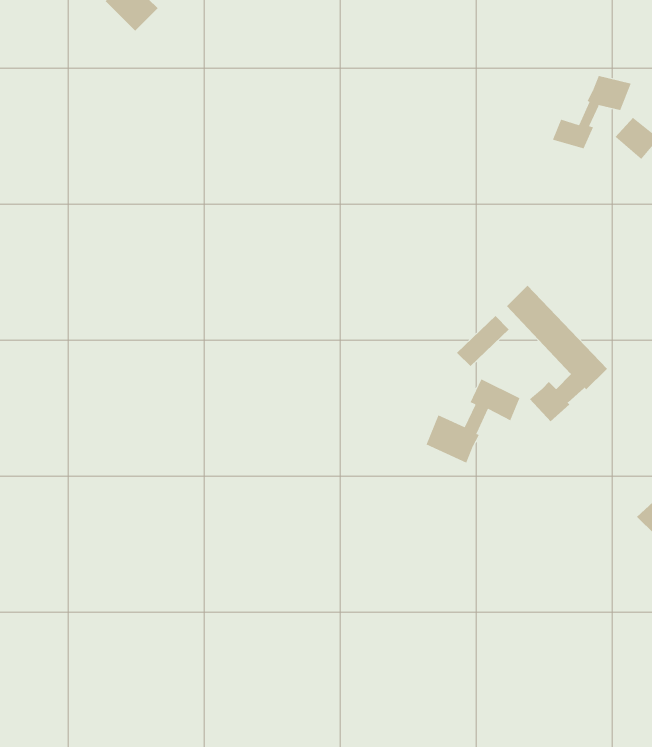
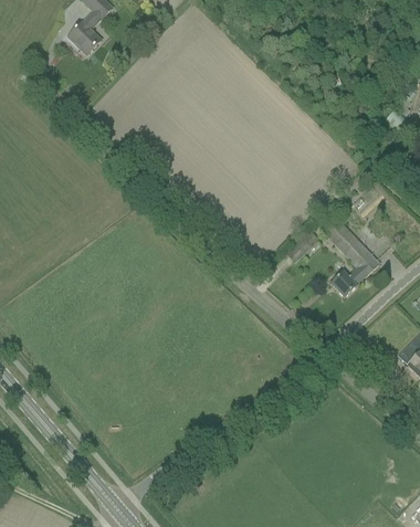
building: [552,75,632,149] -> none
building: [426,379,520,463] -> none

